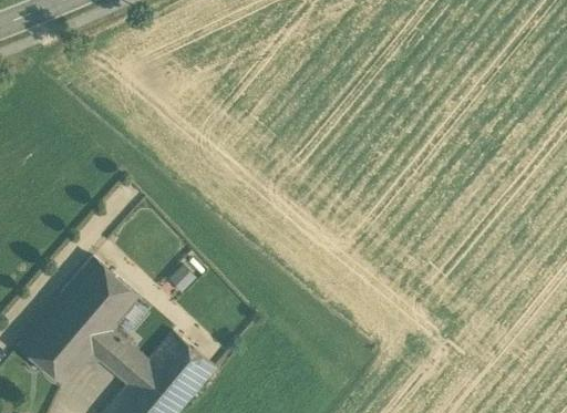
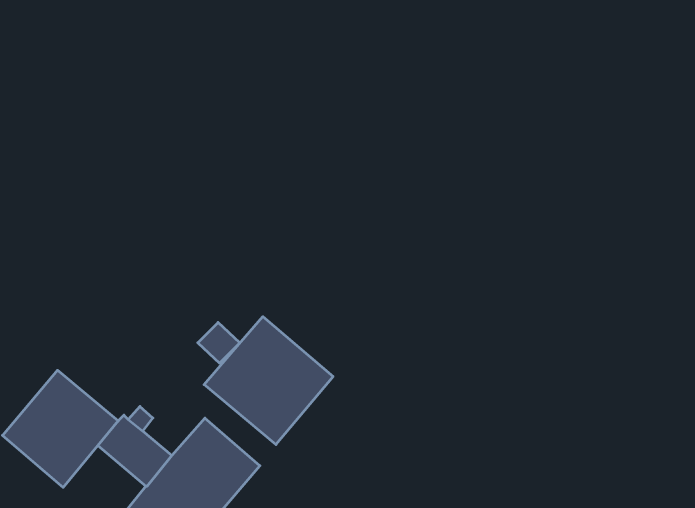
building: none -> [204,317,333,445]
building: [62,260,141,337] -> none

